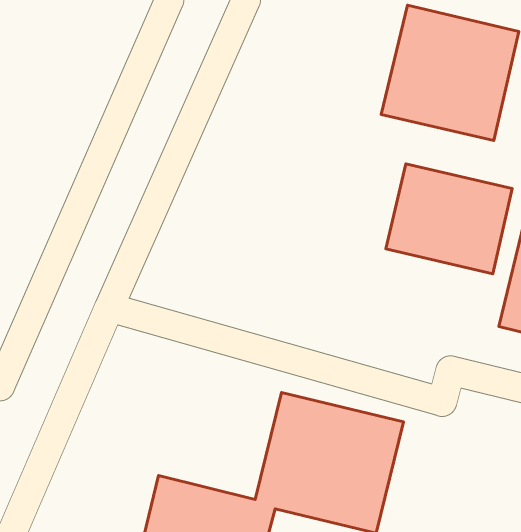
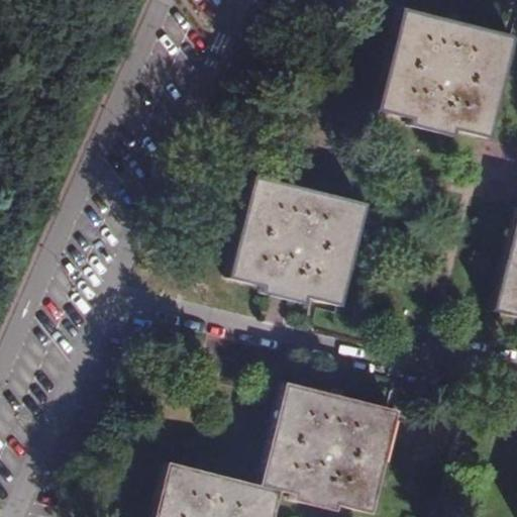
building: [386,164,512,274] -> none
building: none -> [229,176,369,310]

